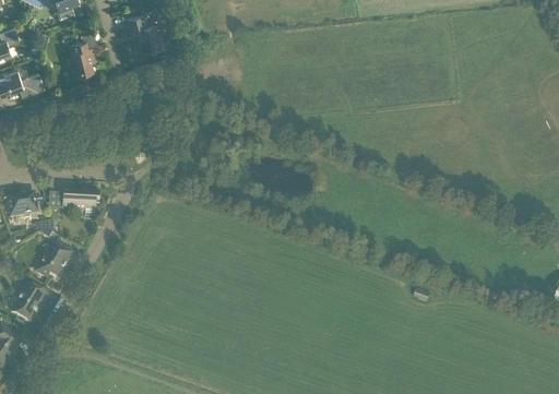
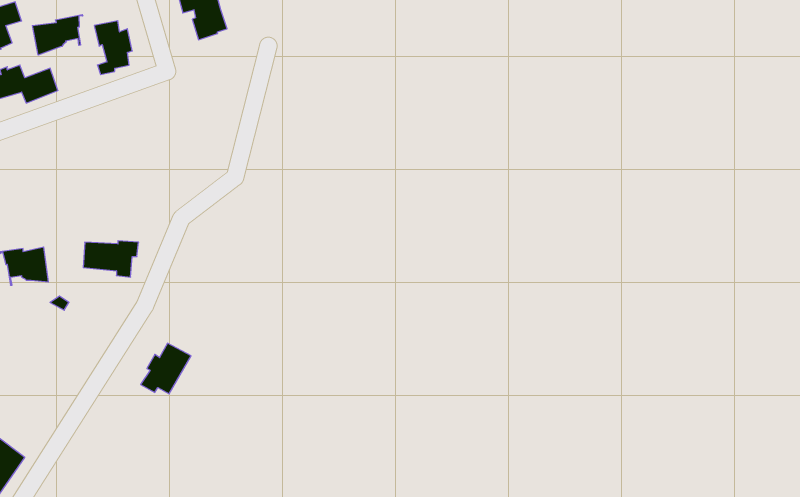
building: none -> [32,15,83,55]
building: [37,244,72,279] -> [141,343,191,394]
building: [11,284,46,324] -> none

